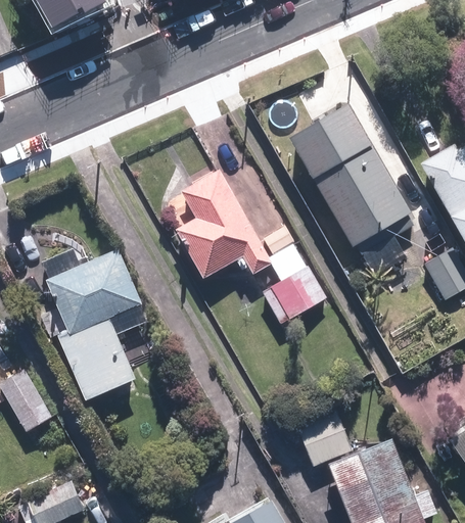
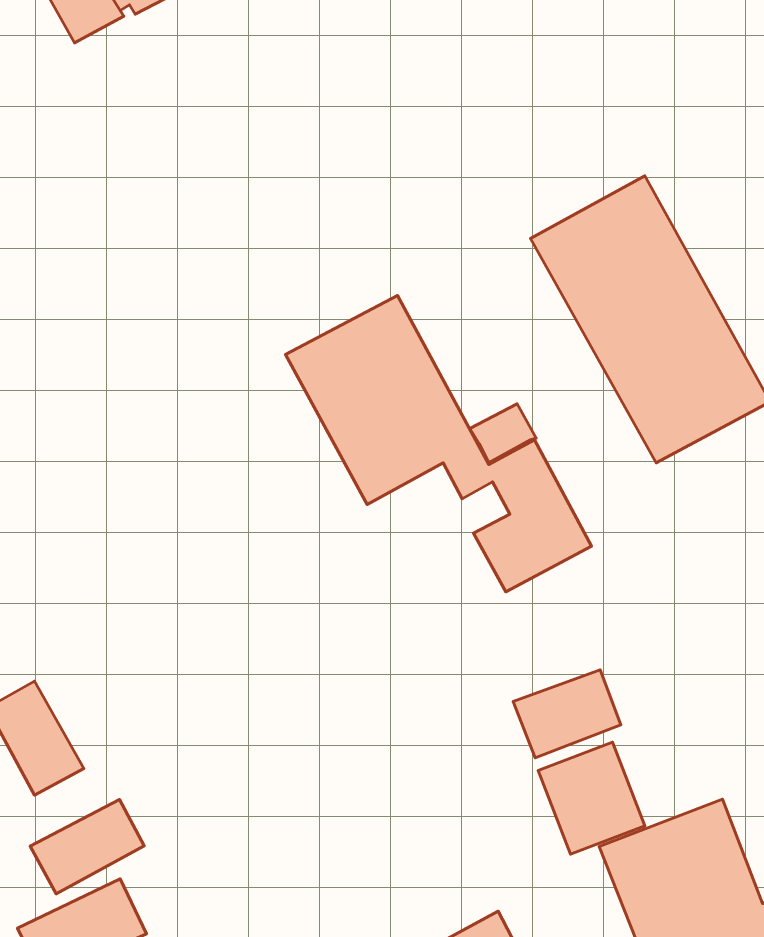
building: [38,248,144,401] -> none
building: none -> [513,670,621,758]
building: none -> [30,799,144,894]

